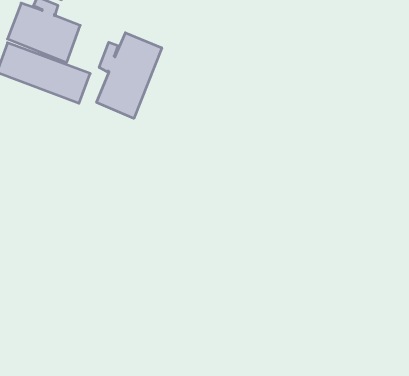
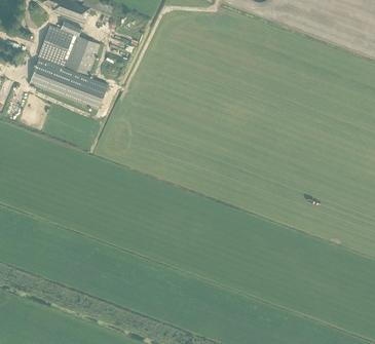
building: [97,33,162,118] -> none

